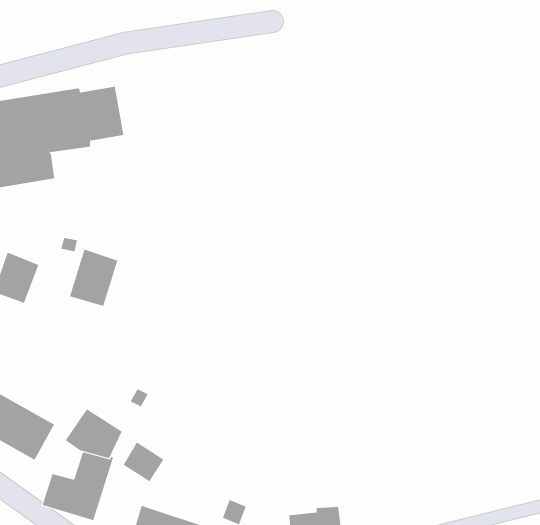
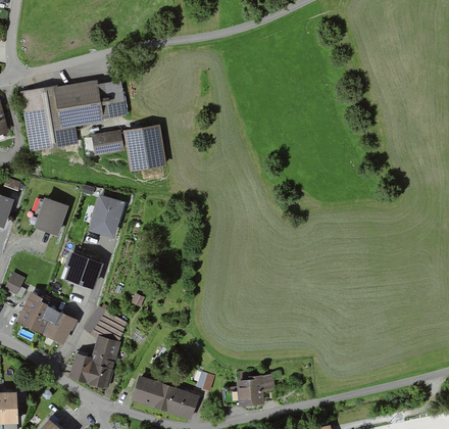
building: none -> [90,124,165,171]
building: none -> [63,251,100,287]
building: [123,441,164,482] -> none

